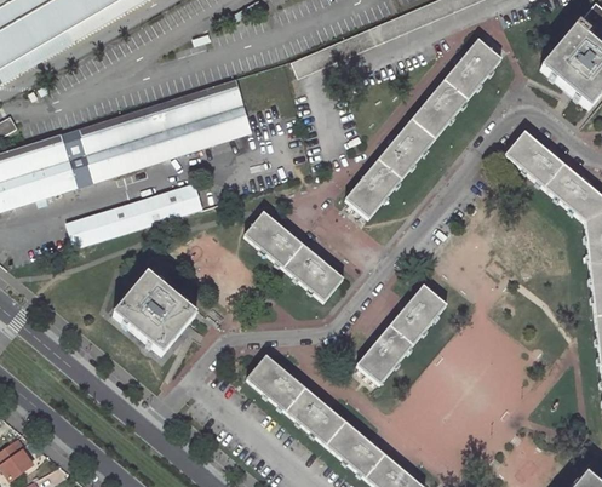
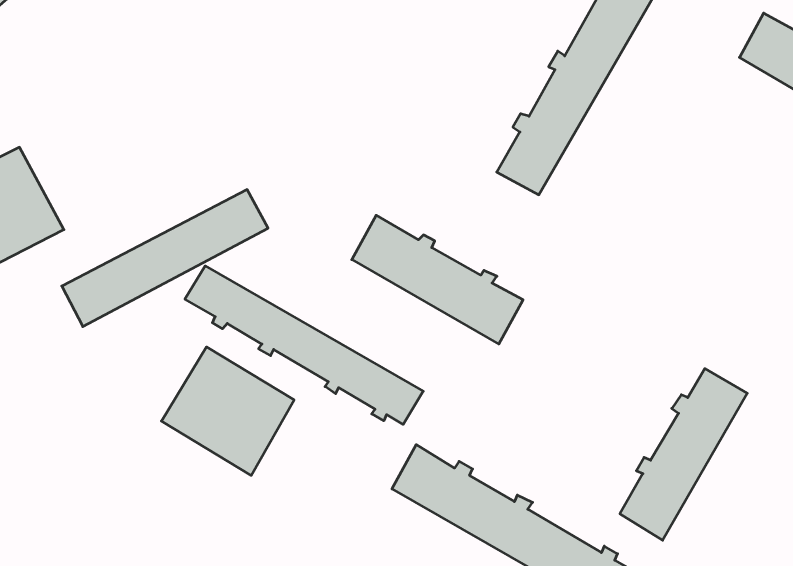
building: [76,79,250,181] -> none
building: none -> [185,266,423,424]
building: [356,286,446,385] -> [620,369,747,540]

